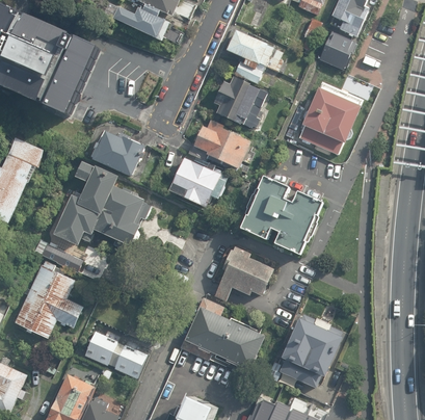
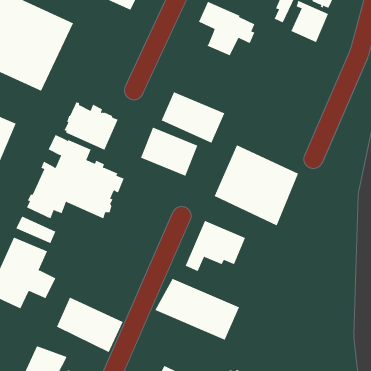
building: [211,76,266,128] -> none
building: [297,81,363,155] -> none
building: [276,316,344,389] -> none

